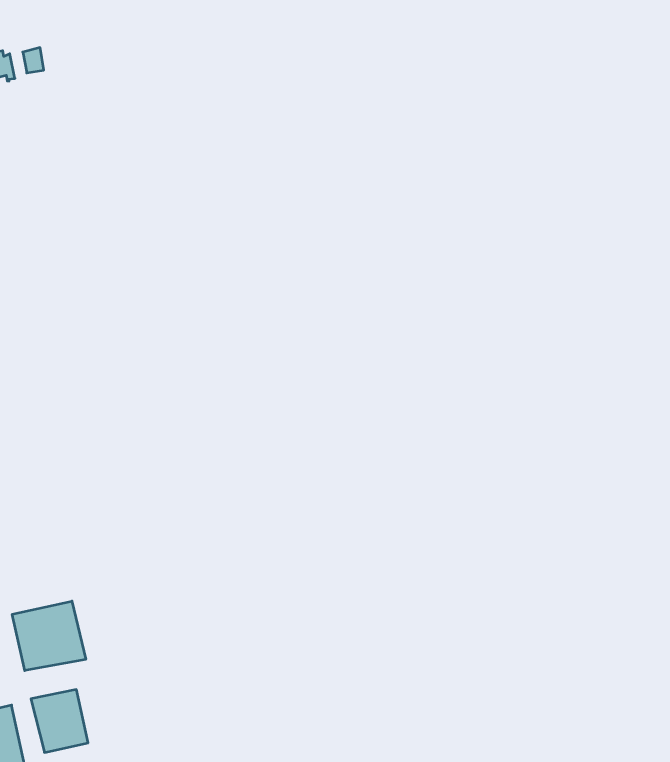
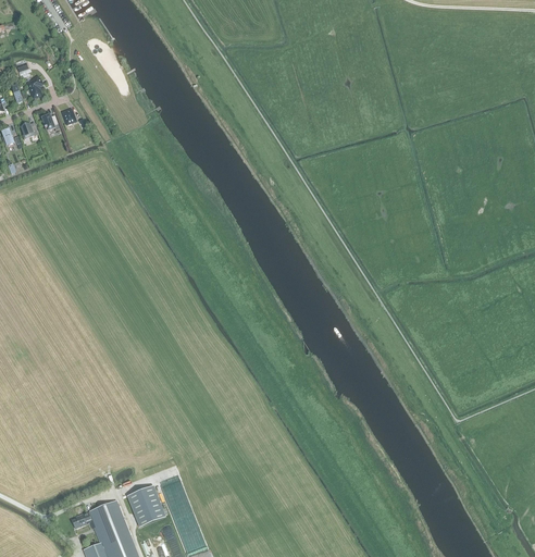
building: [12,601,86,671] -> none

